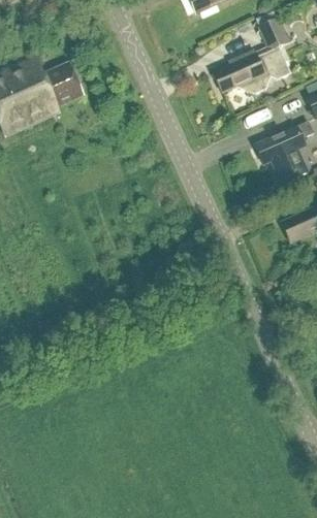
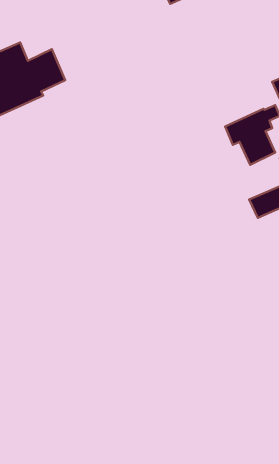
building: [213,19,290,93] -> none

